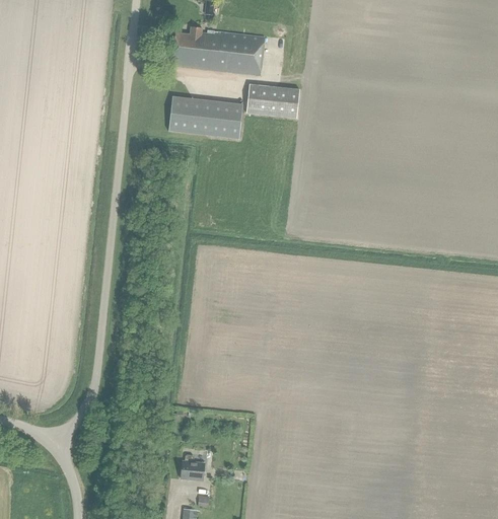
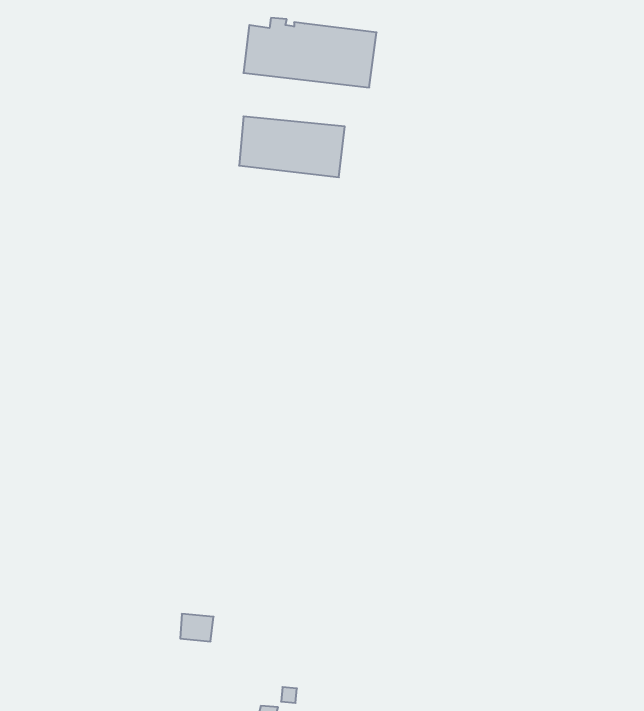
building: [245,83,299,118] -> none
building: [182,460,205,479] -> [180,614,214,641]

